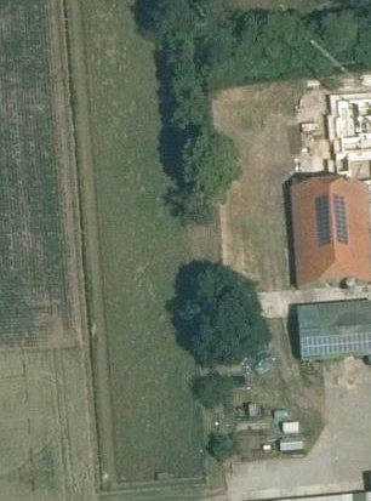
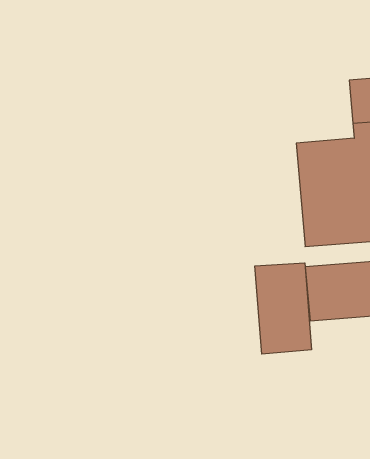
building: none -> [255,263,311,354]

